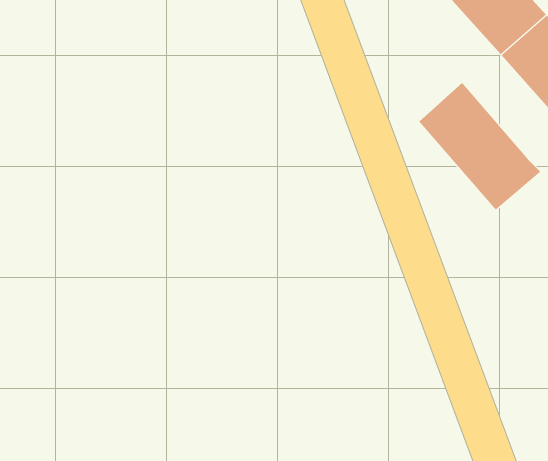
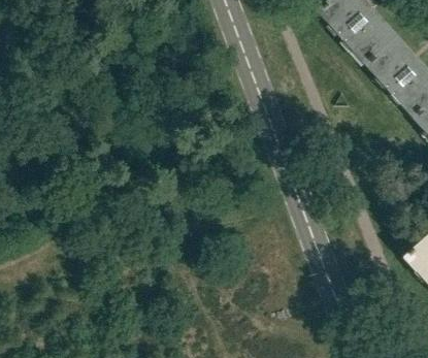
building: [418,82,541,211] -> none

